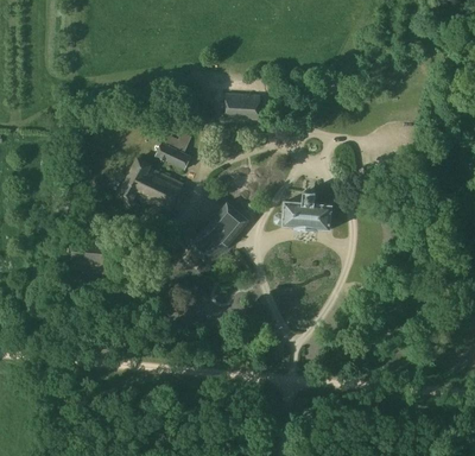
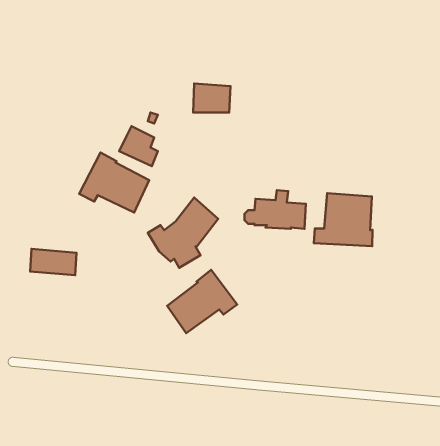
building: none -> [314,193,372,246]
building: none -> [167,270,237,333]

